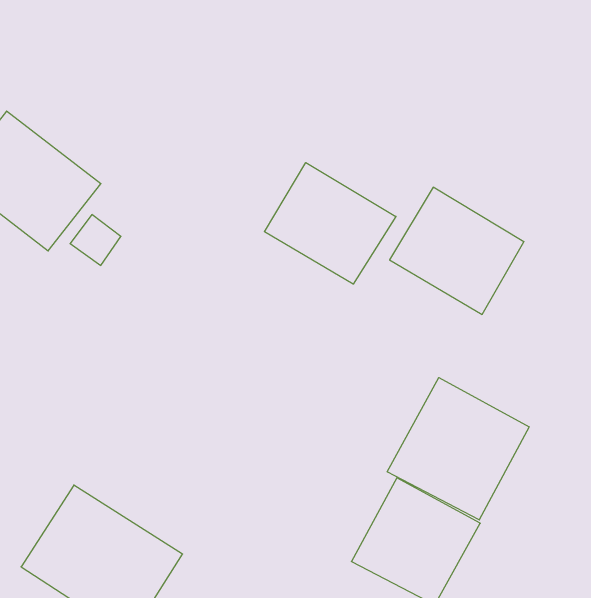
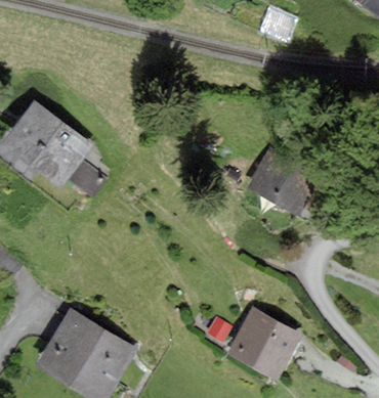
building: [264,163,396,284] -> none
building: [387,378,529,520] -> none

